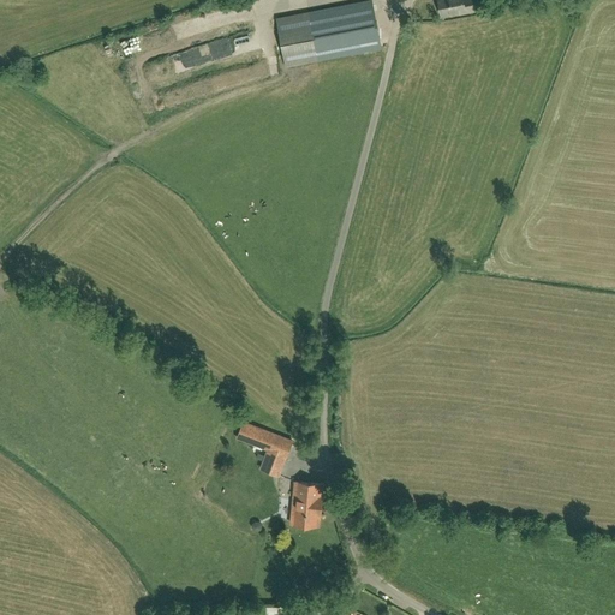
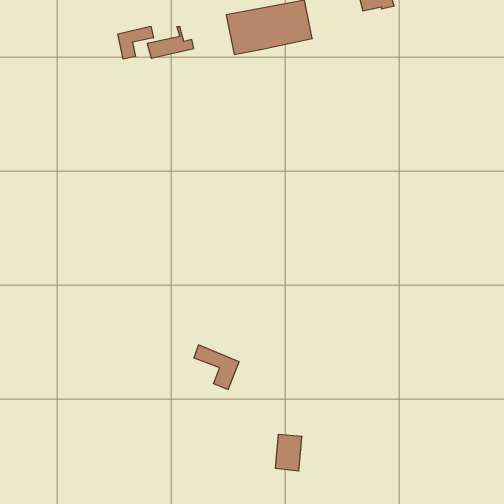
building: none -> [118,26,153,59]
building: [289,480,322,525] -> [275,434,302,471]

